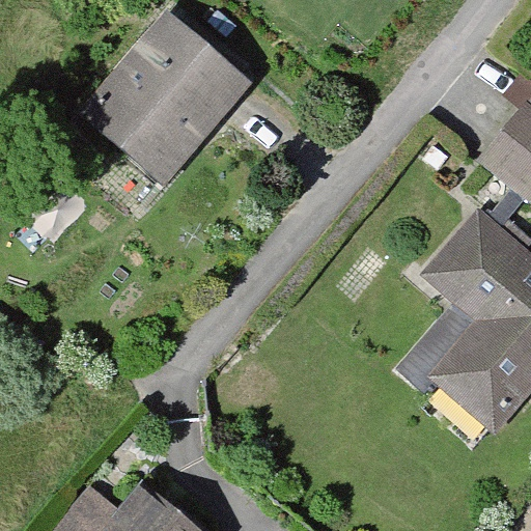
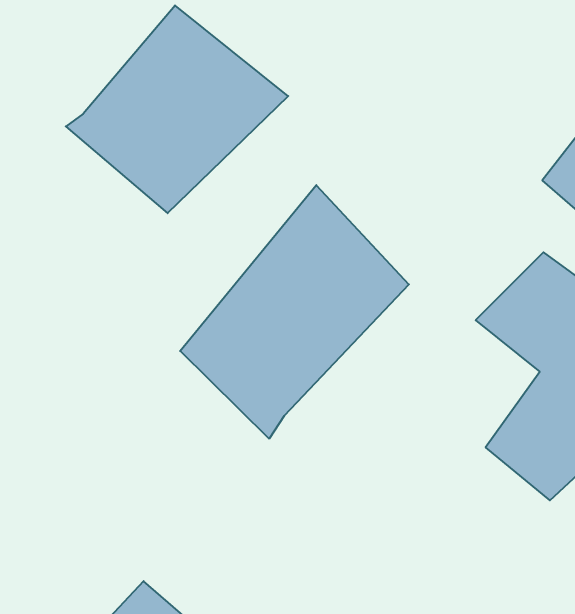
building: none -> [180,185,409,439]

